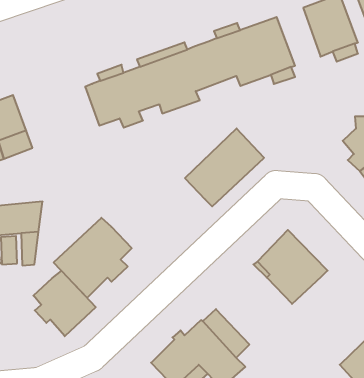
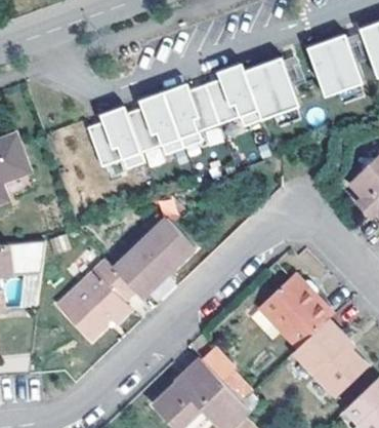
building: [185,128,264,206] -> [114,218,194,297]
building: [33,271,96,336] -> none
building: none -> [293,318,364,393]

